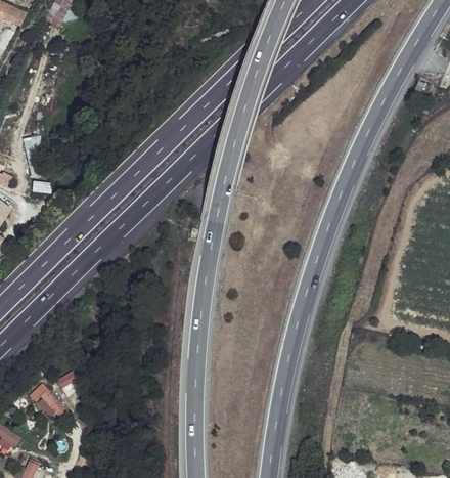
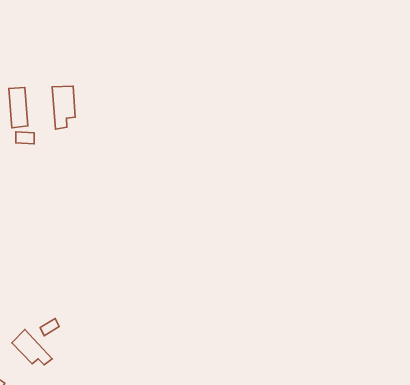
building: none -> [52,86,75,129]

